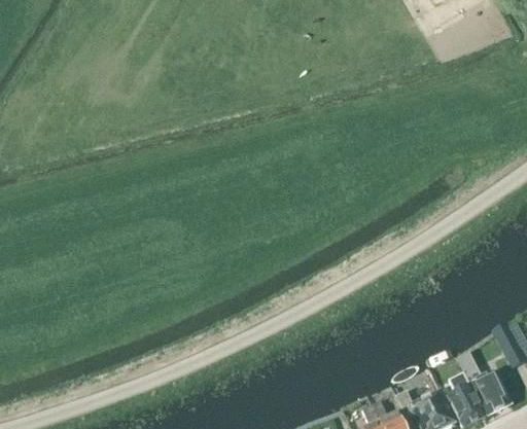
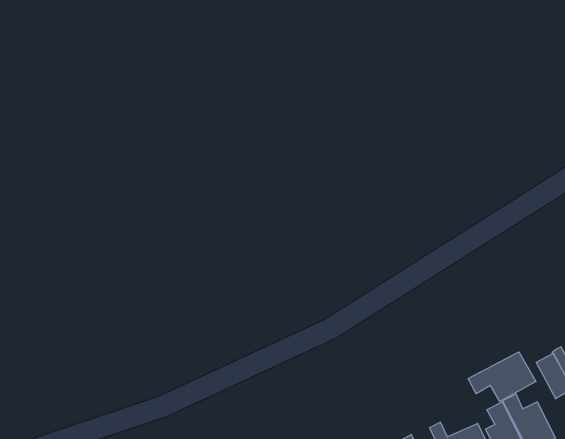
building: none -> [468,352,536,401]

